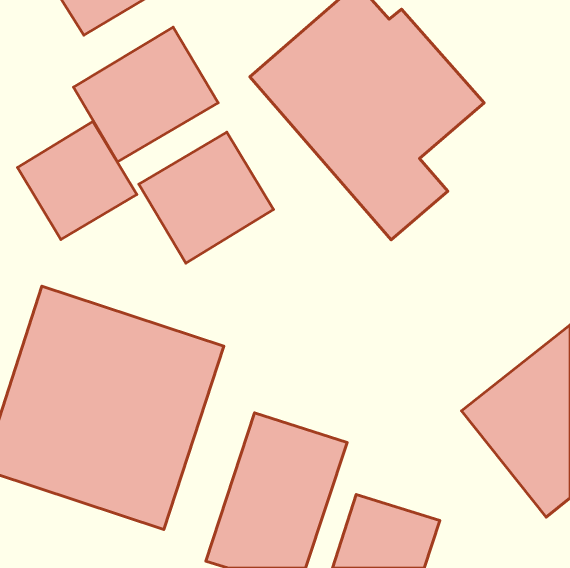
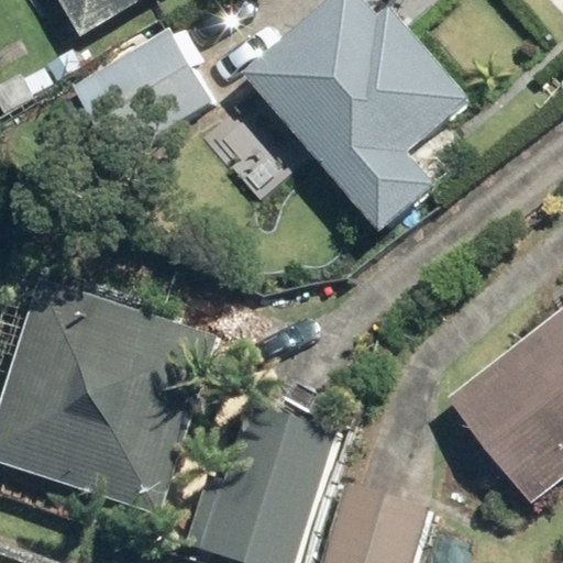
building: [18,121,137,239] -> none
building: [139,132,273,263] -> none

